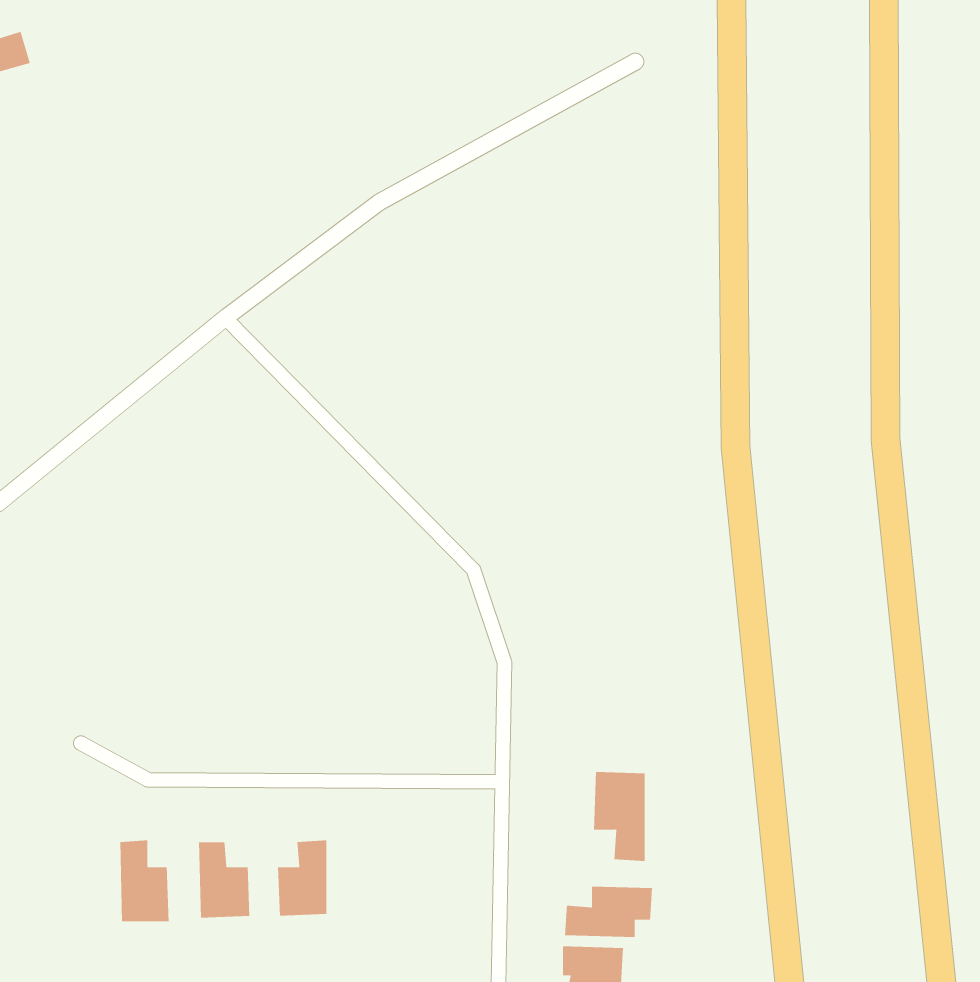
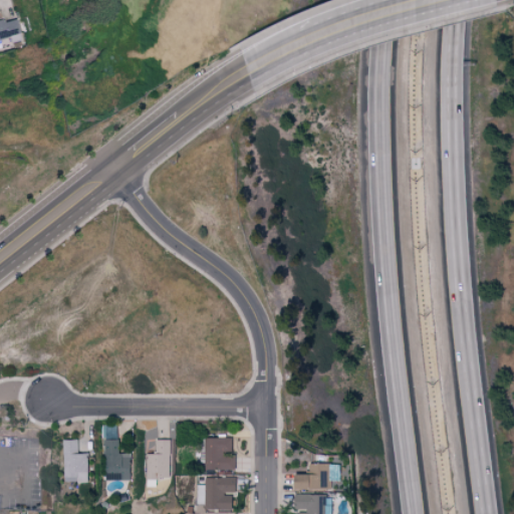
building: [593,771,646,862] -> none
building: none -> [203,437,235,470]
building: none -> [196,477,235,509]

